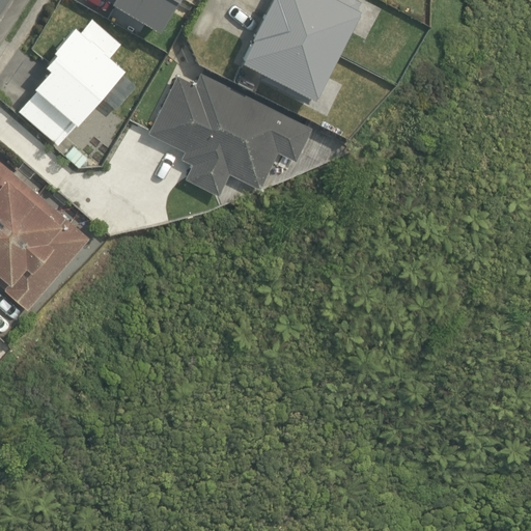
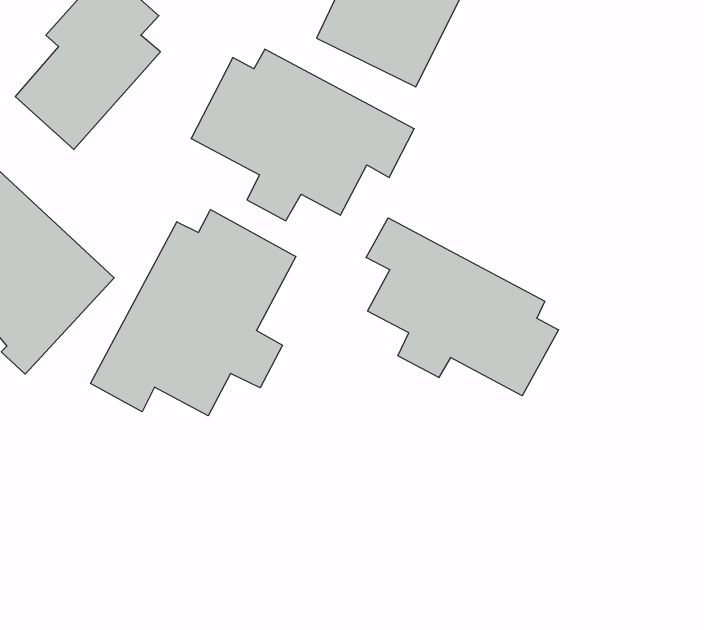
building: none -> [91,210,296,416]
building: none -> [366,218,559,396]

